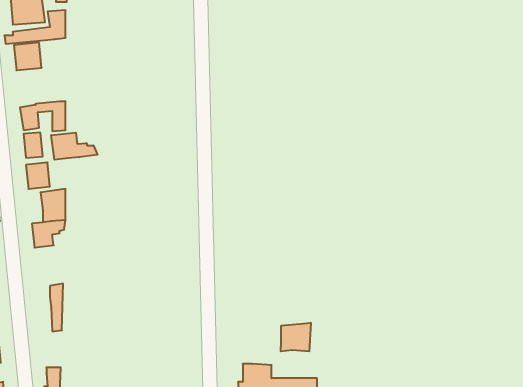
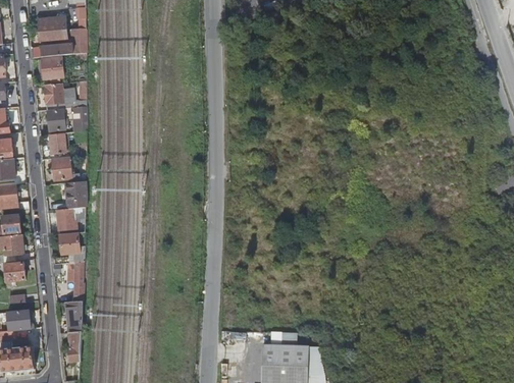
building: none -> [44,81,73,103]
building: [51,133,97,160] -> none
building: none -> [53,232,83,264]
building: [281,323,311,351] -> none
building: none -> [65,300,82,332]

